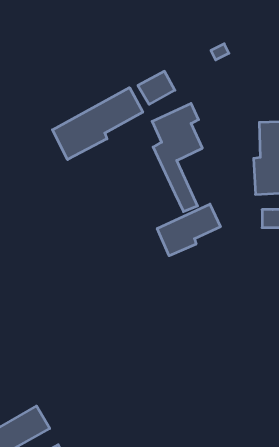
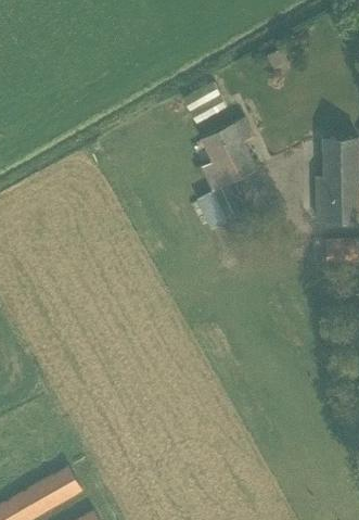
building: [52,88,143,160] -> none
building: [157,204,220,256] -> none

